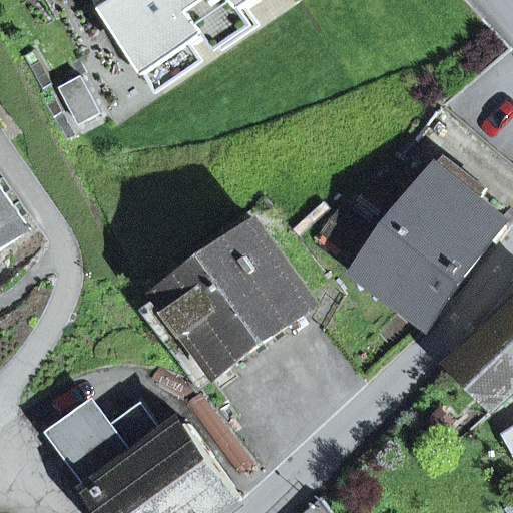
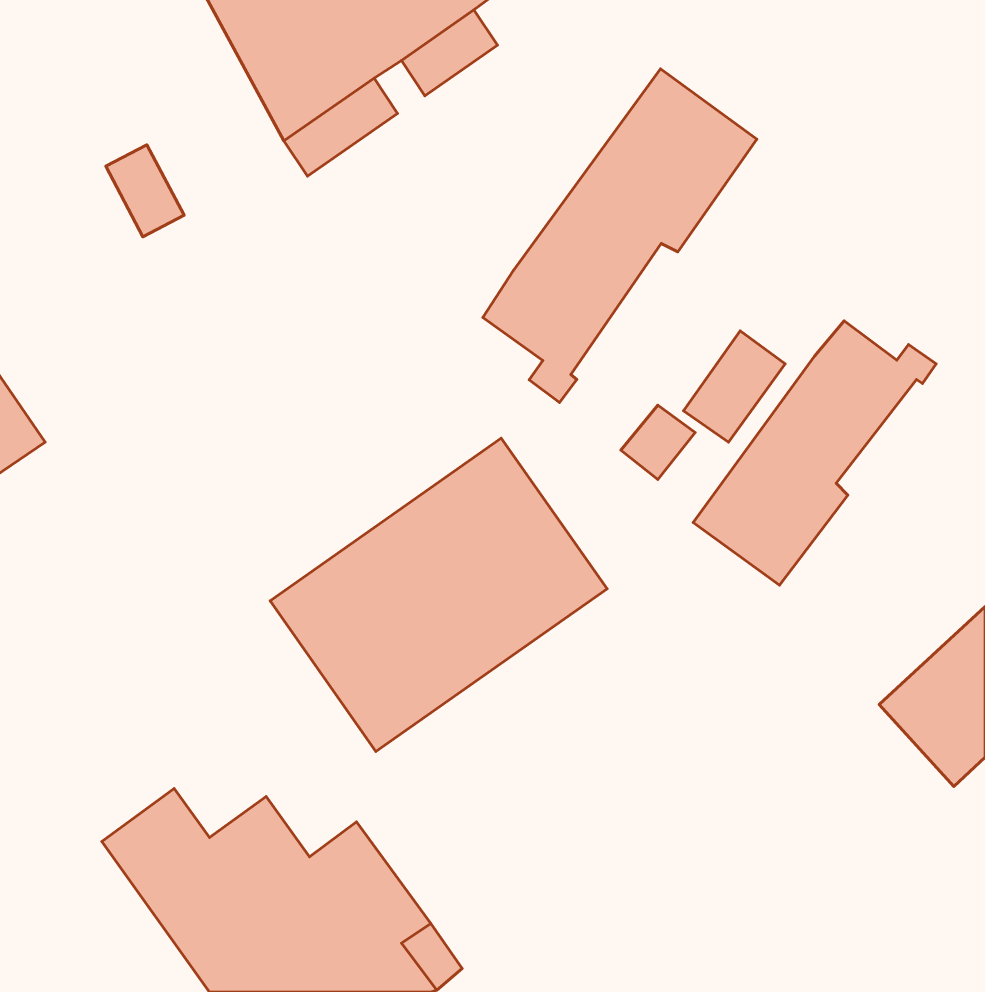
building: none -> [483,69,757,403]
building: [399,194,500,318] -> none

